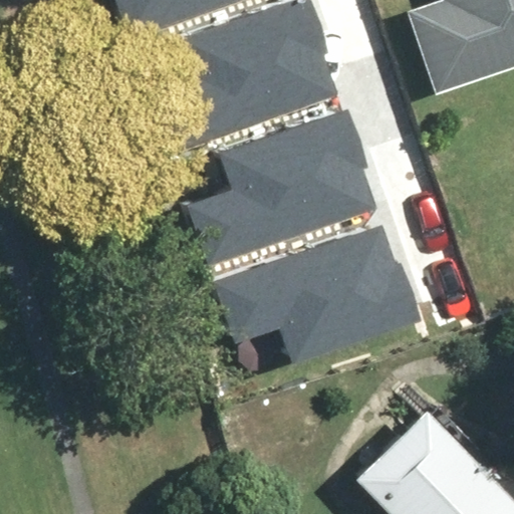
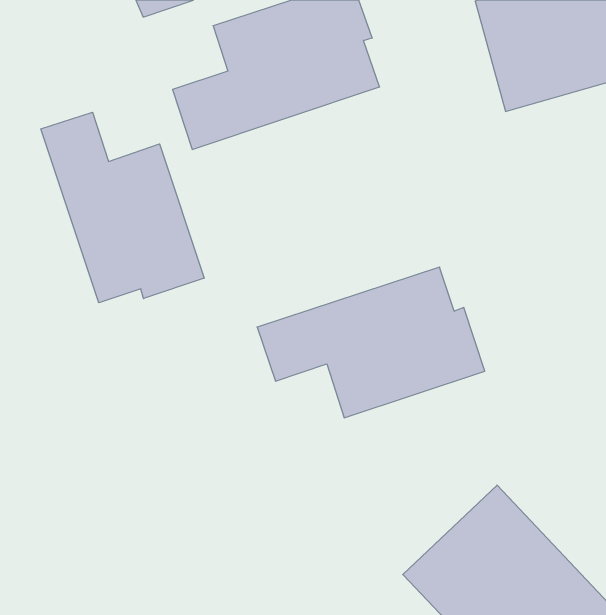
building: none -> [41,112,204,303]
building: [199,109,368,248] -> none

